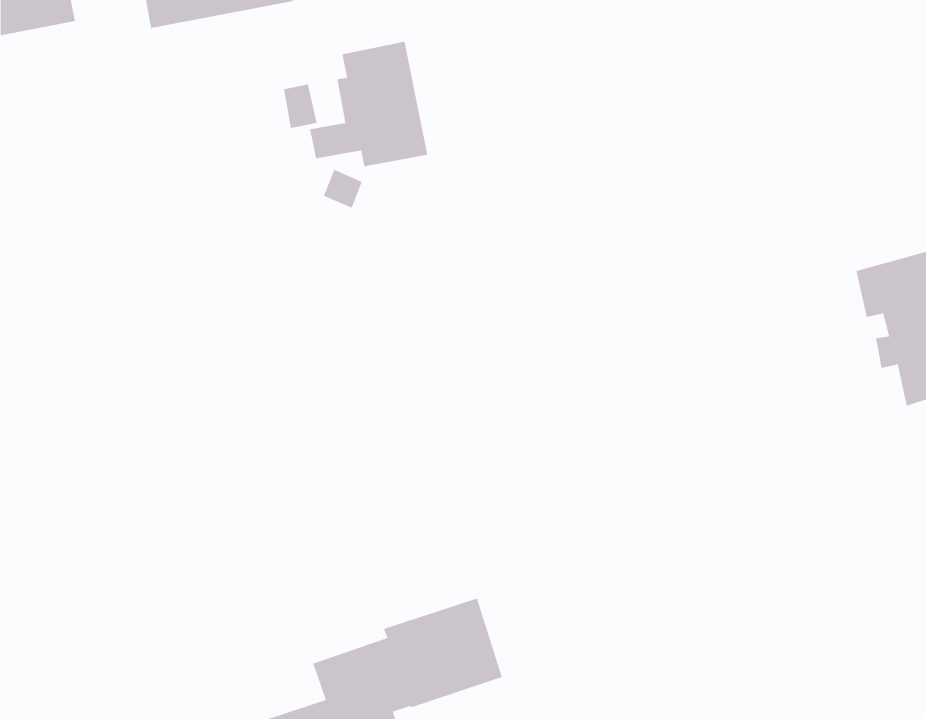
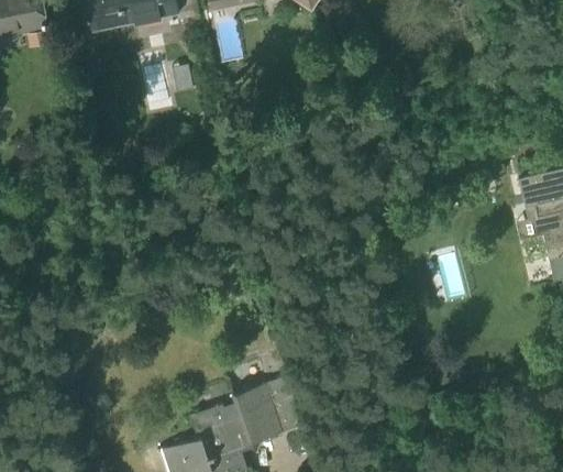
building: [309,41,428,167] -> none

